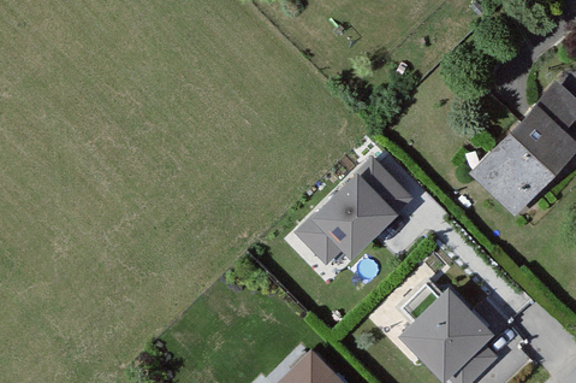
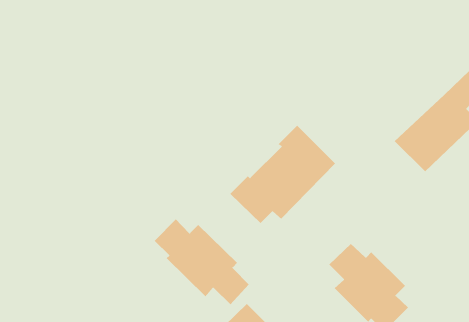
building: none -> [154,218,249,305]

